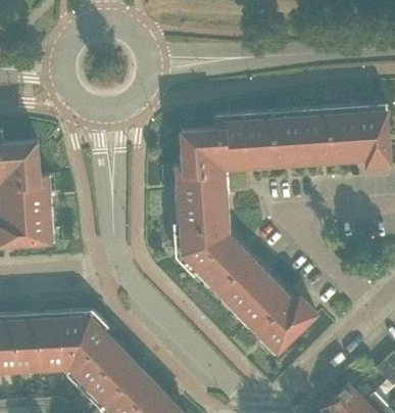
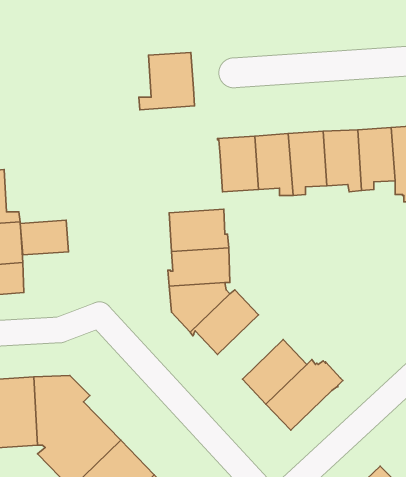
building: [174,130,219,177] -> [139,53,195,110]
building: none -> [20,220,68,255]
building: [214,261,268,314] -> none

